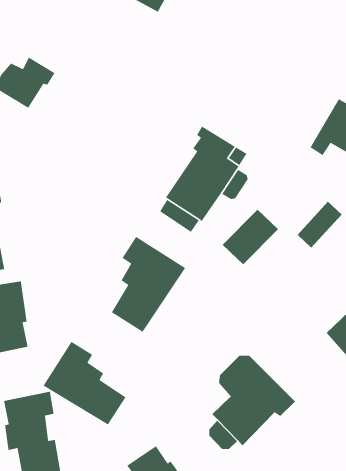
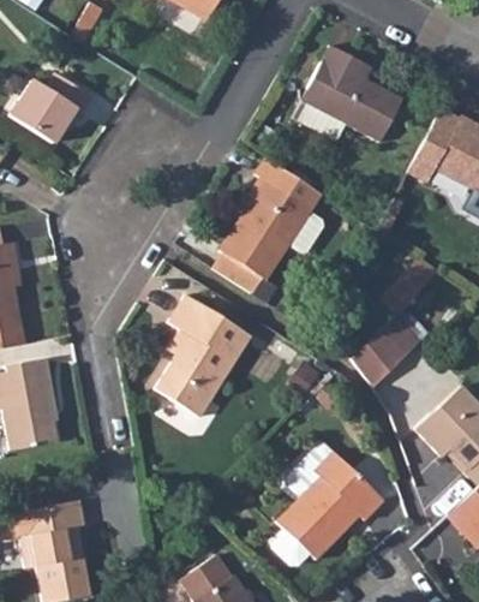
building: none -> [309,59,401,153]
building: [222,209,279,265] -> [353,315,424,385]
building: [42,341,126,426] -> none

